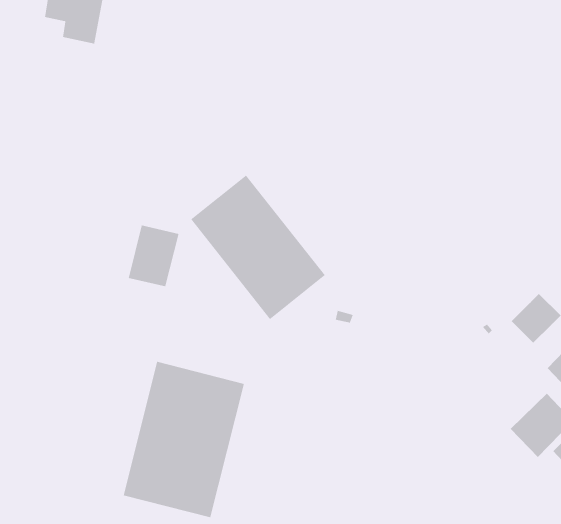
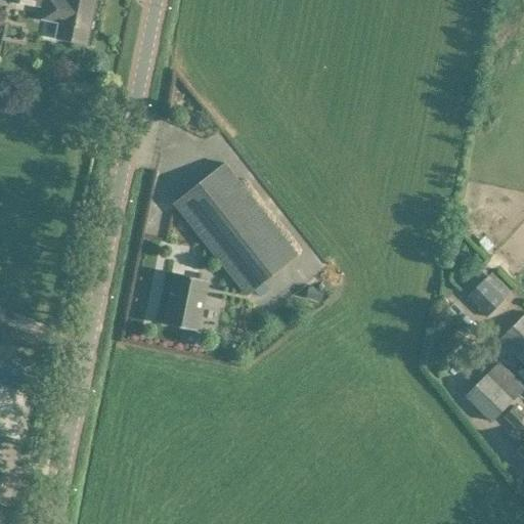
building: [128,225,179,287] -> [164,273,211,331]
building: [123,361,245,518] -> none

